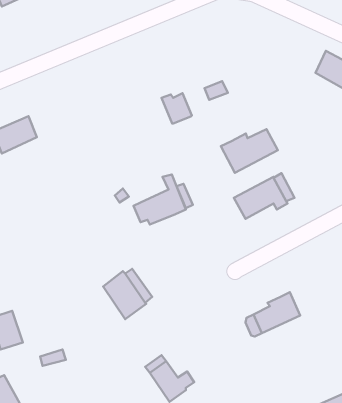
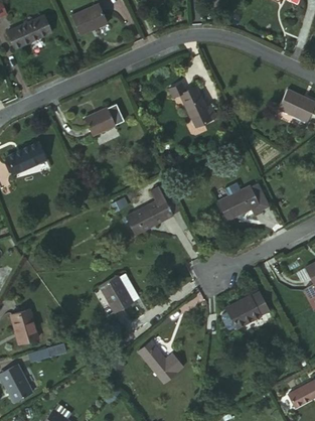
building: none -> [85,107,116,136]
building: [162,93,192,124] -> [180,91,206,117]
building: [221,129,278,173] -> none

